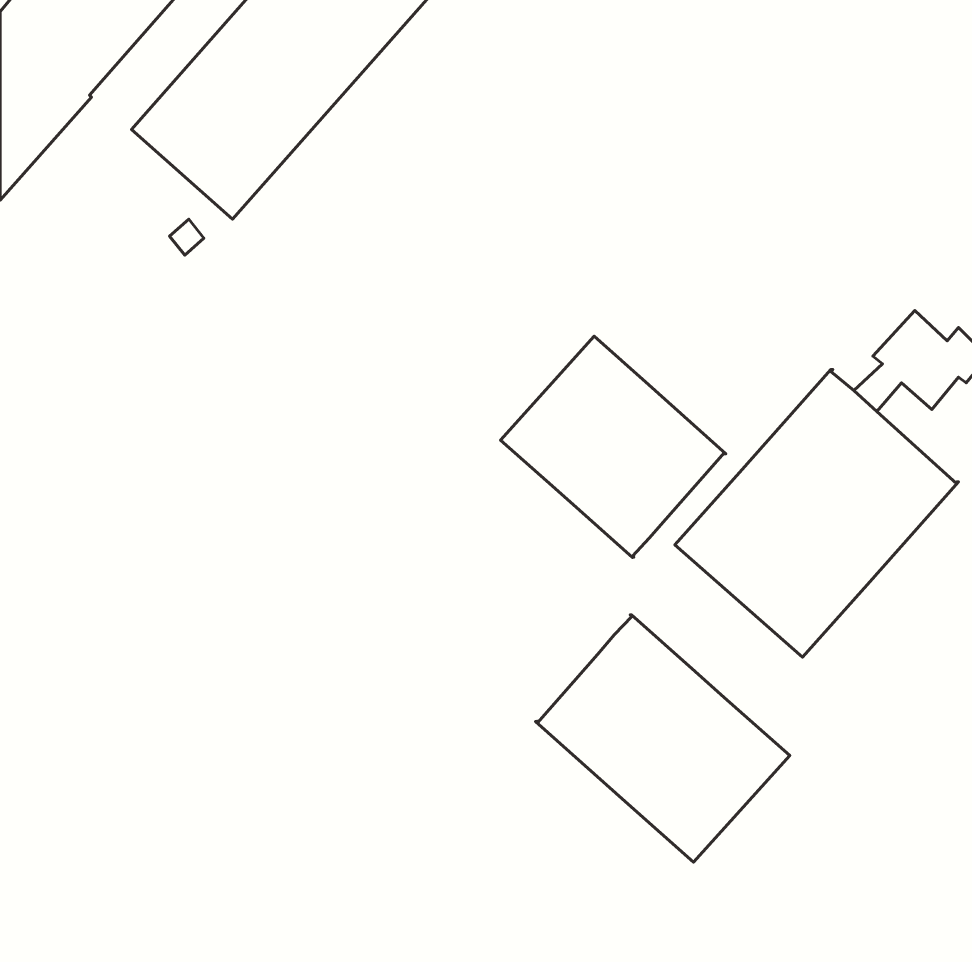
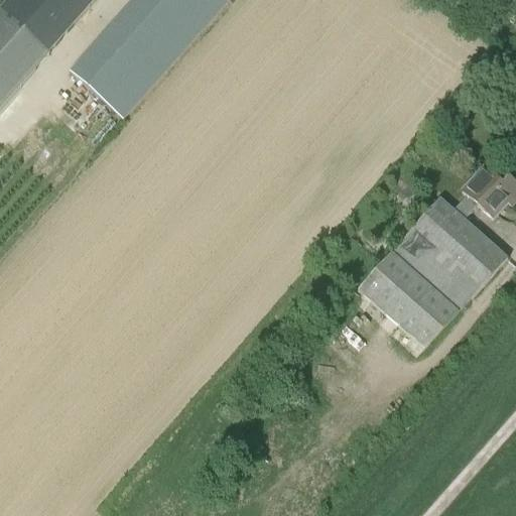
building: [500,336,726,557] -> none
building: [535,615,790,862] -> none

